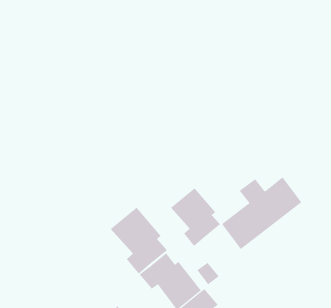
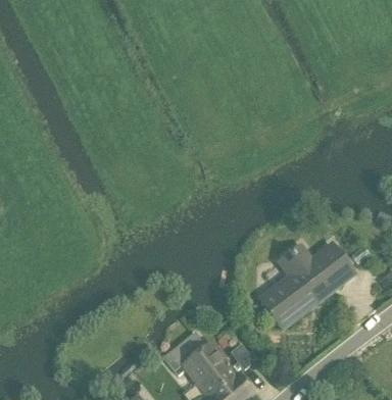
building: [170,188,221,247] -> none
building: [110,207,168,275] -> none

